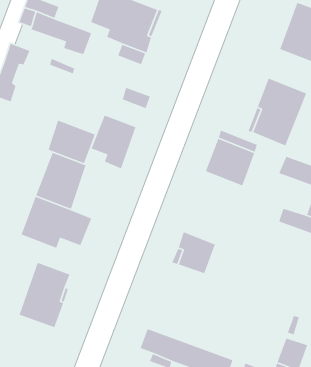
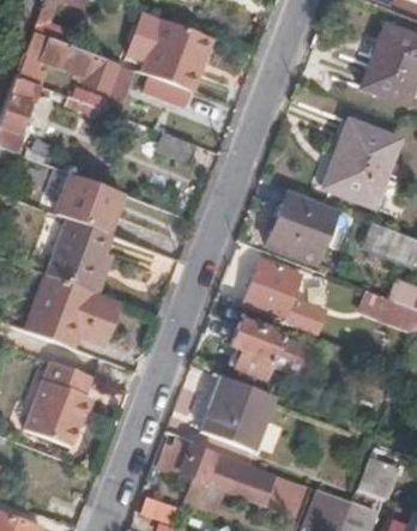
building: [90,115,137,169] -> none
building: none -> [244,259,325,333]
building: none -> [201,376,272,449]

